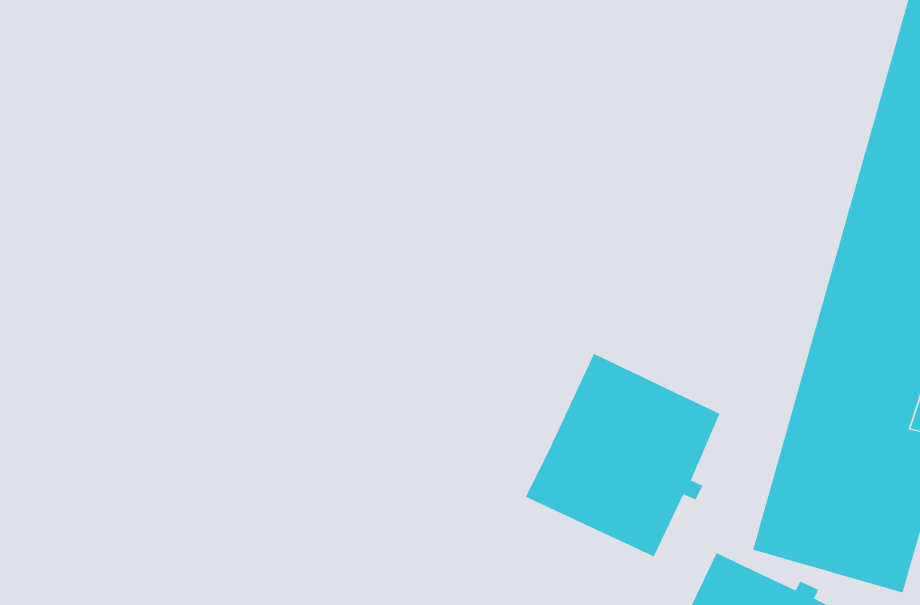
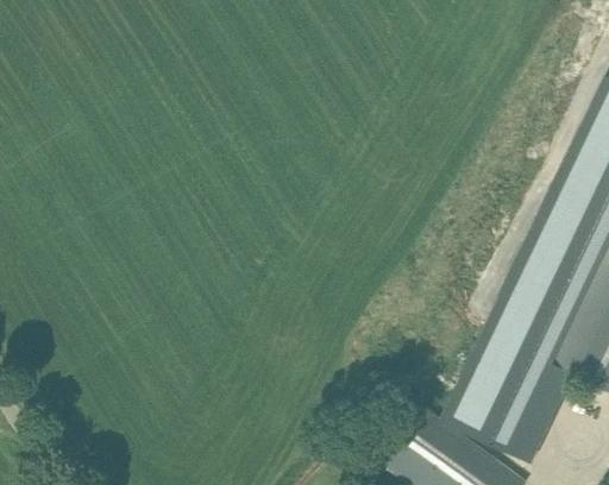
building: [525,353,721,558] -> none

